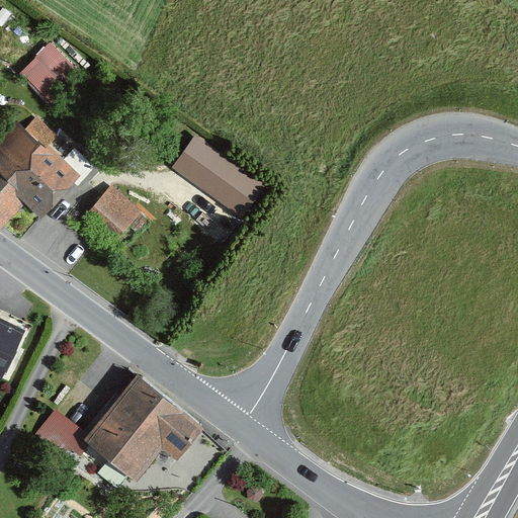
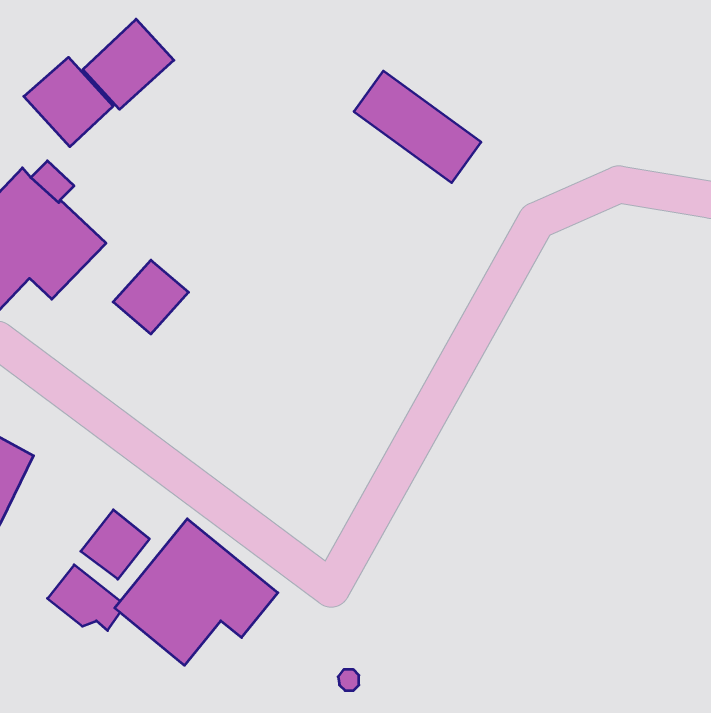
building: none -> [83,19,174,109]
building: [173,137,265,218] -> [354,71,481,183]
building: none -> [81,510,149,579]

